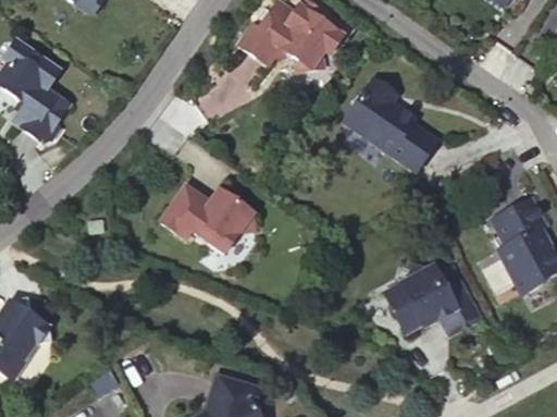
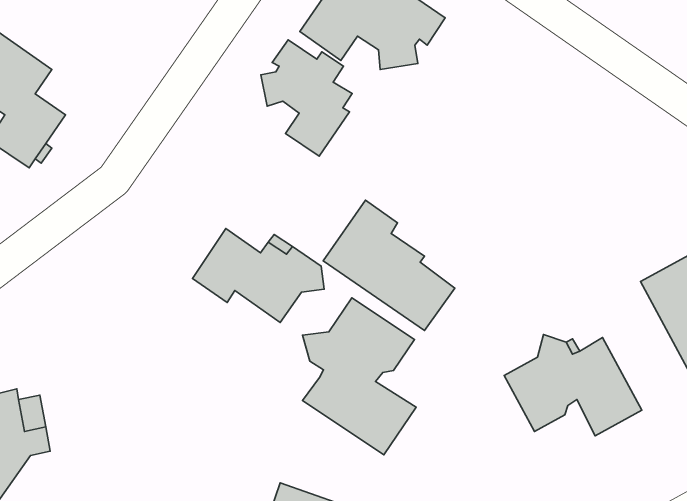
building: none -> [261,40,352,156]
building: [341,77,435,171] -> [323,200,455,330]
building: none -> [302,298,416,455]

